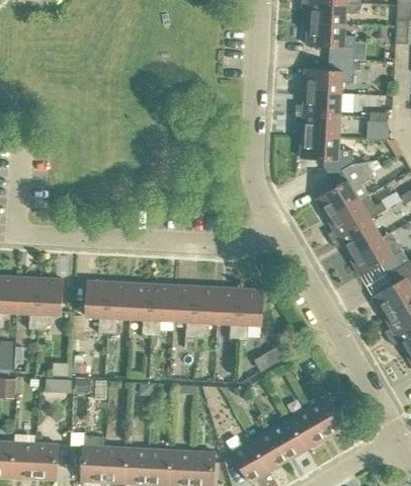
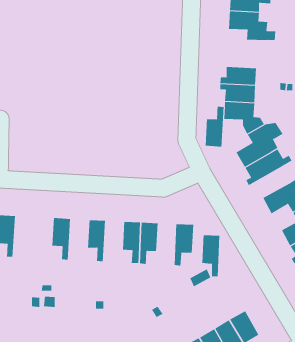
building: [303,58,354,93] -> none
building: none -> [205,106,224,147]
building: [331,218,382,255] -> none
building: [37,277,63,330] -> none
building: [106,281,132,333] -> none
building: [150,284,175,335] -> none
building: [217,287,240,339] -> [201,235,220,277]

